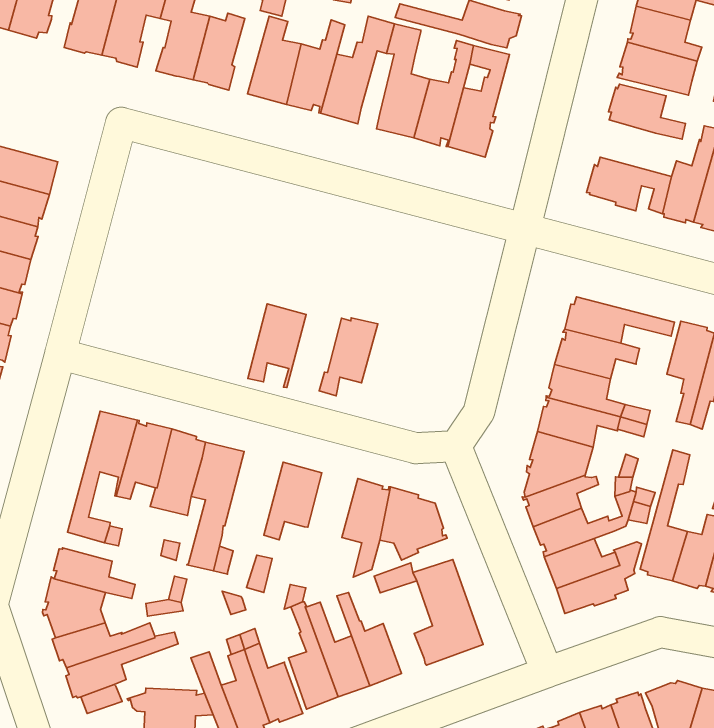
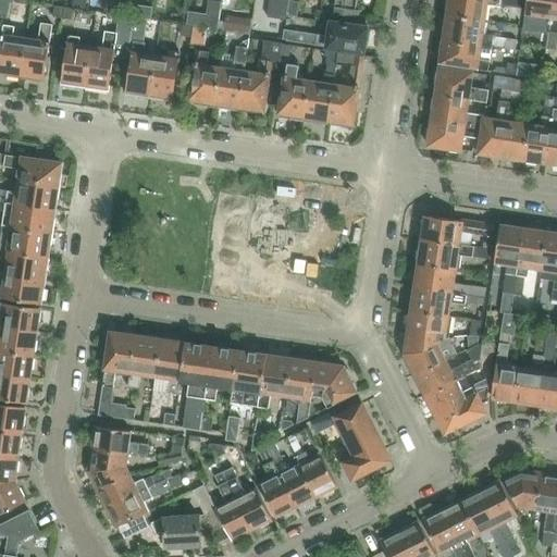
building: none -> [430,92,483,126]
building: [248,304,306,388] -> [203,346,238,401]
building: [319,318,378,396] -> [256,354,290,408]

